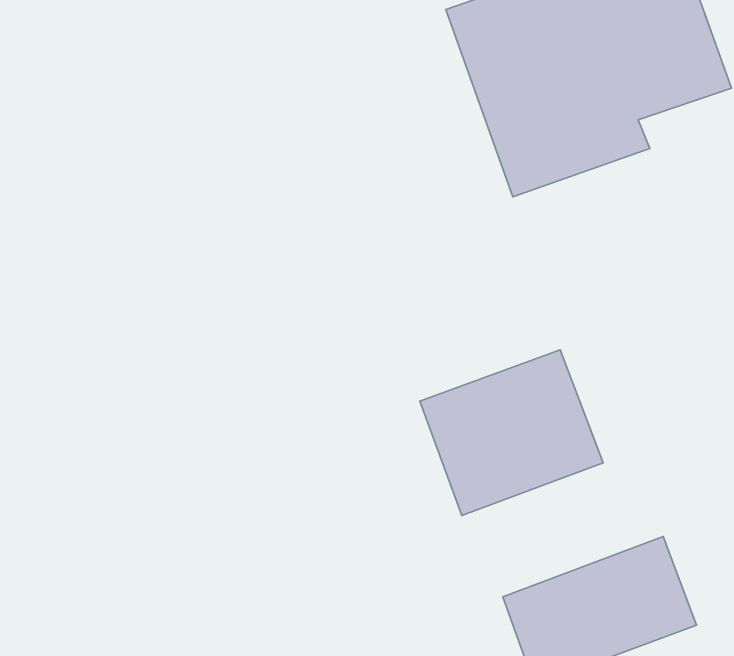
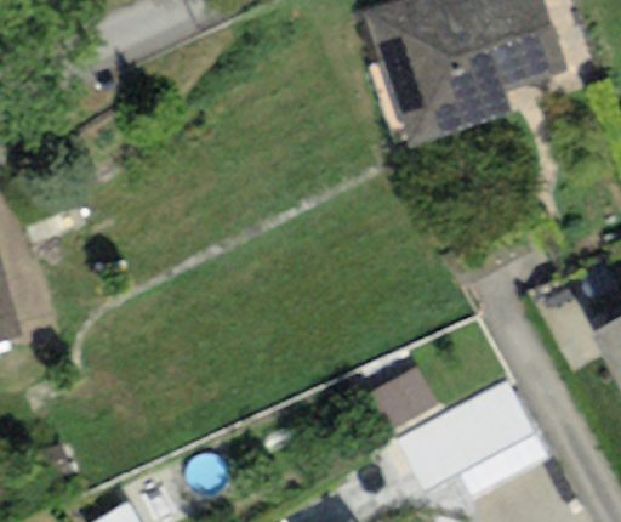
building: [420,350,603,515] -> none

